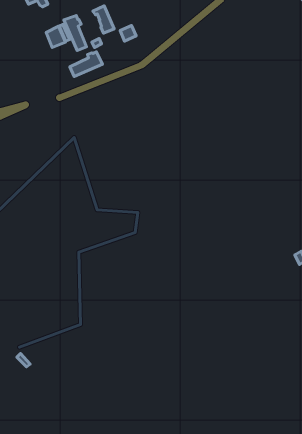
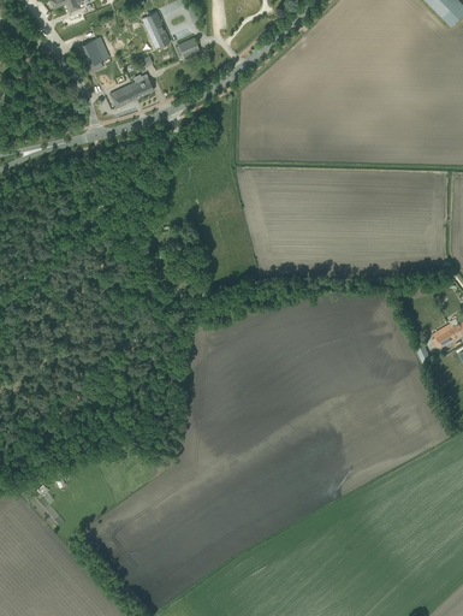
building: [64,15,87,51] -> none

